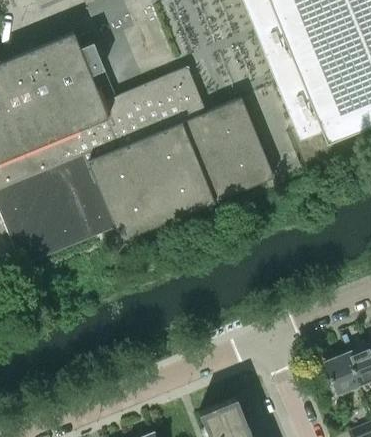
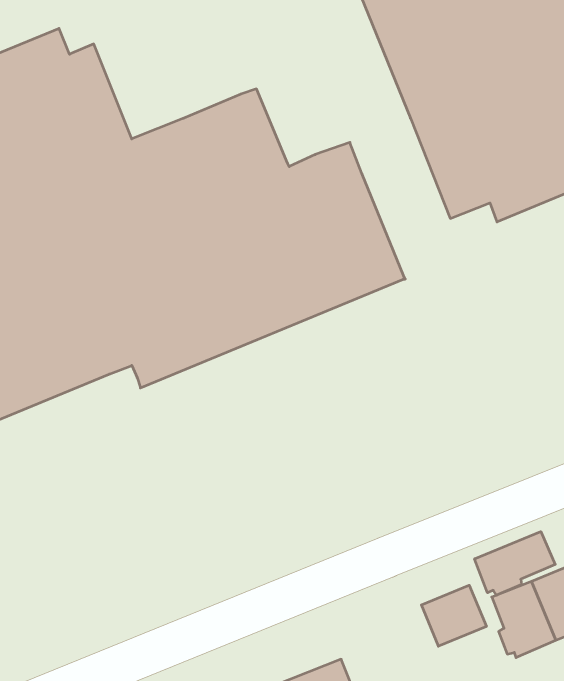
building: none -> [475,532,555,595]
building: none -> [421,585,486,646]

